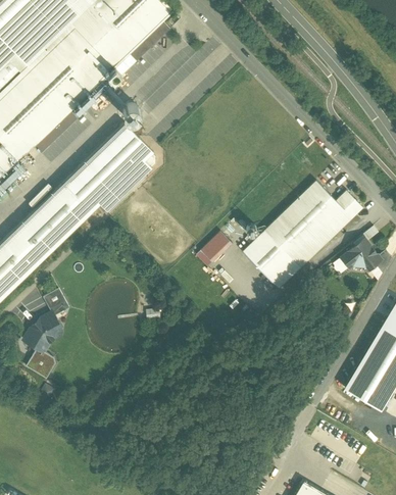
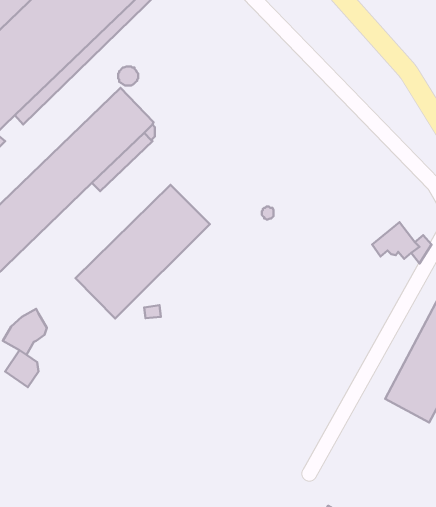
building: [240,180,361,289] -> none
building: none -> [75,185,210,319]
building: [198,231,230,262] -> none
building: [41,289,67,316] -> none

